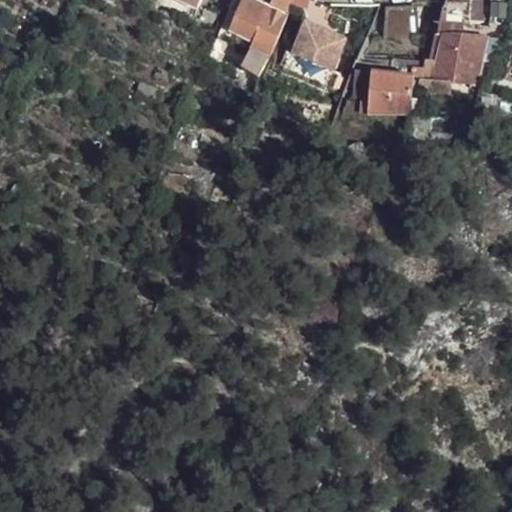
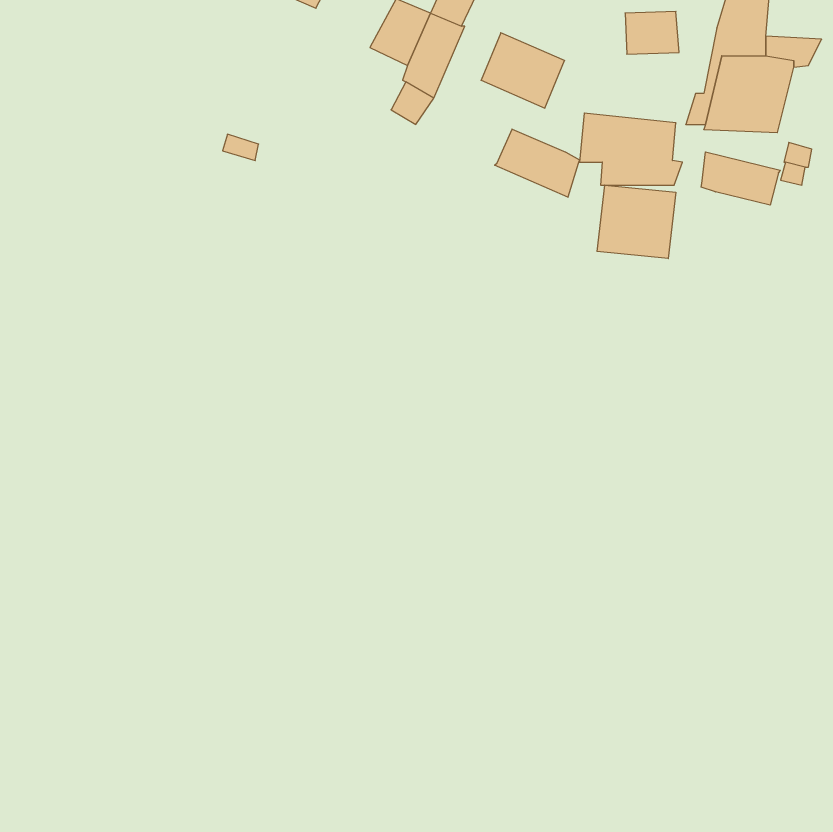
building: none -> [495,129,580,197]
building: none -> [701,152,780,205]
building: none -> [597,185,676,259]

